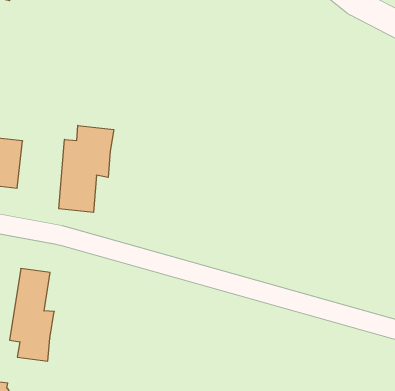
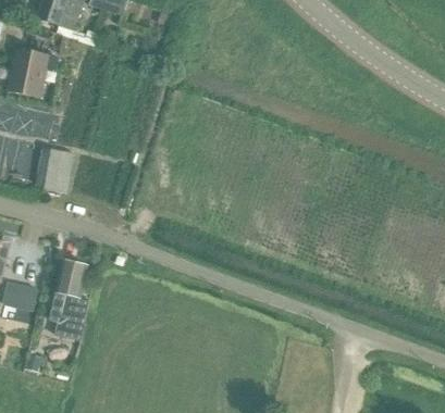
building: [59,125,114,212] -> none

